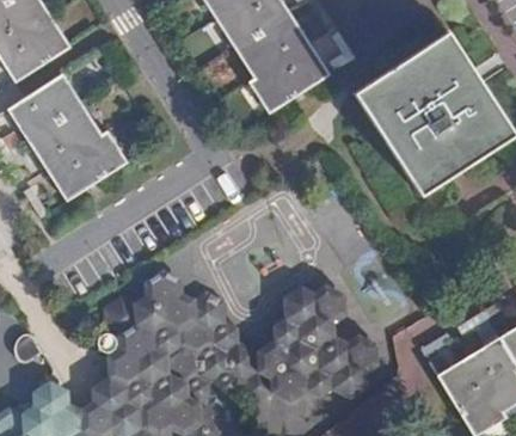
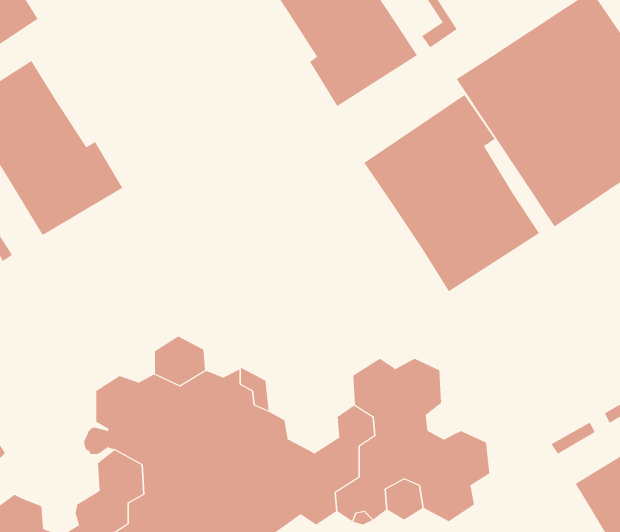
building: none -> [363,94,540,292]

